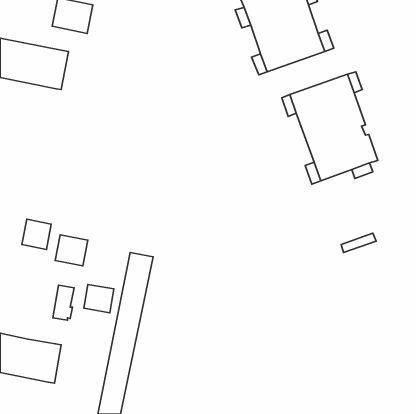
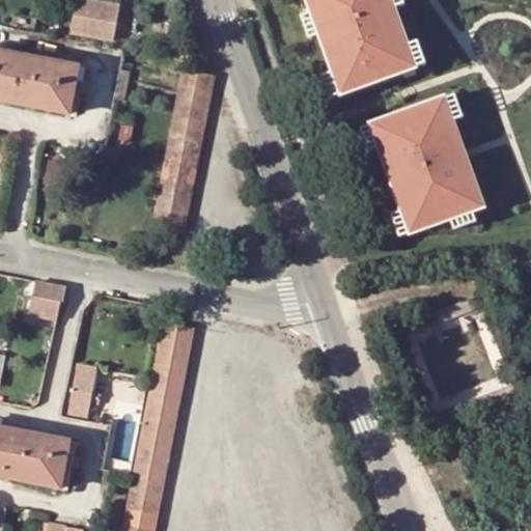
building: none -> [153,68,215,230]
building: [55,235,88,266] -> none
building: [84,284,114,313] -> none

